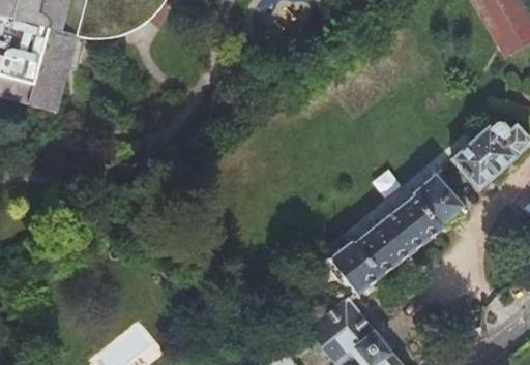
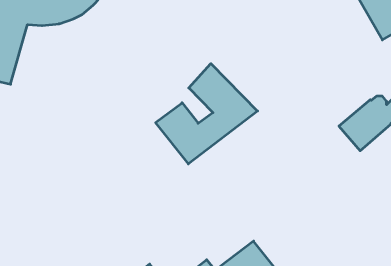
building: none -> [156,64,258,164]
building: [330,175,467,295] -> none

